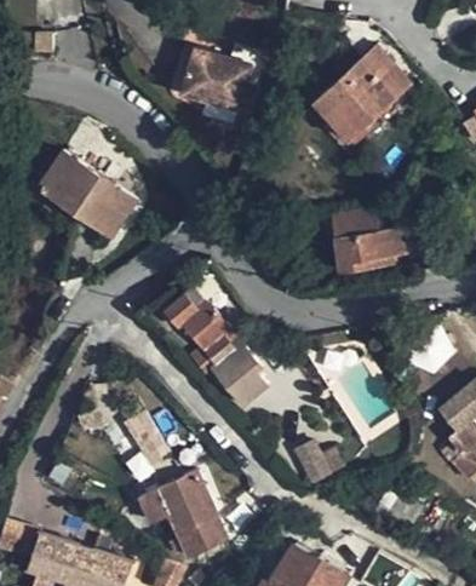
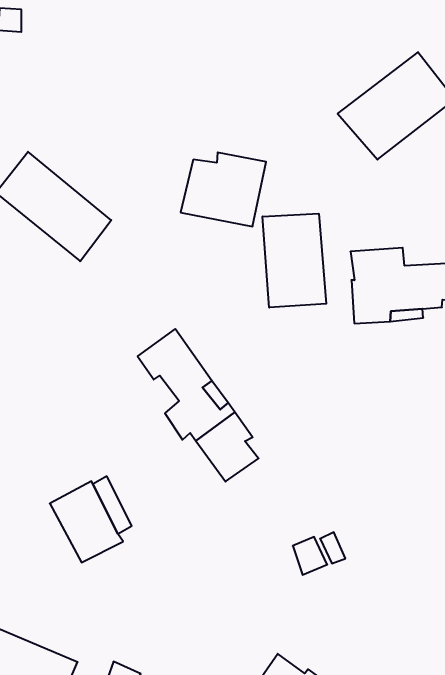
building: [190,48,257,107] -> [181,152,266,226]
building: none -> [263,214,326,308]
building: [139,473,226,559] -> none

